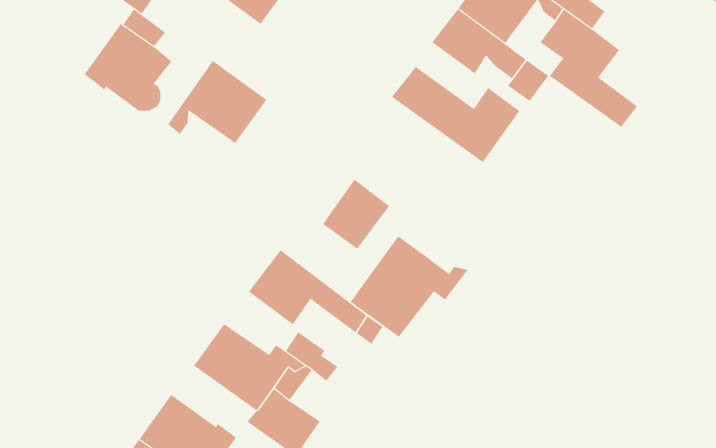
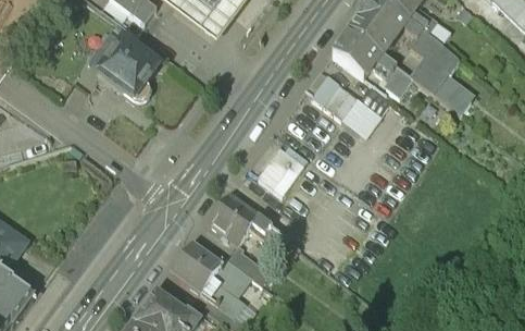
building: [167,60,267,144] -> none
building: [350,236,468,337] -> none

